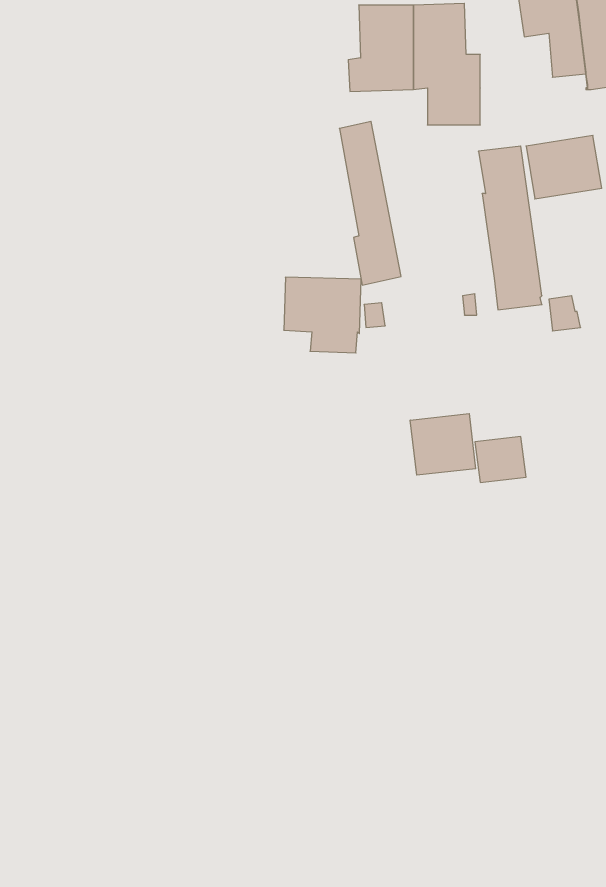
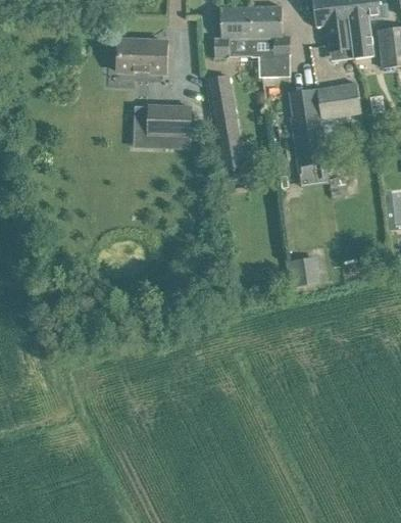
building: none -> [117,39,165,73]
building: [284,277,361,353] -> [146,104,191,148]
building: [410,414,476,475] -> none

